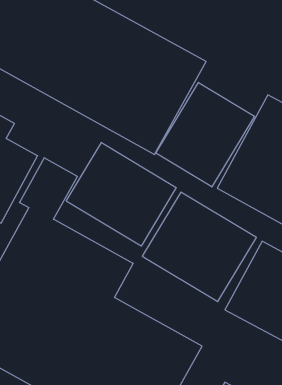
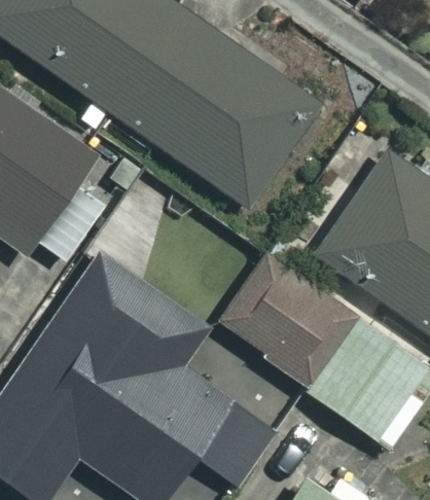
building: [156,82,254,187] -> none
building: [66,142,176,246] -> none

